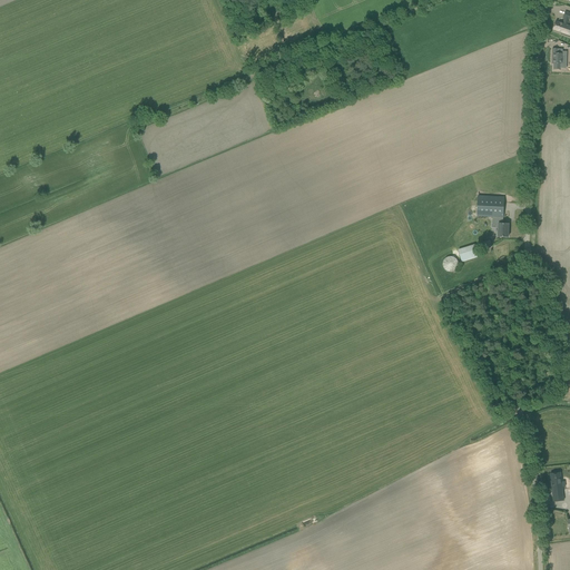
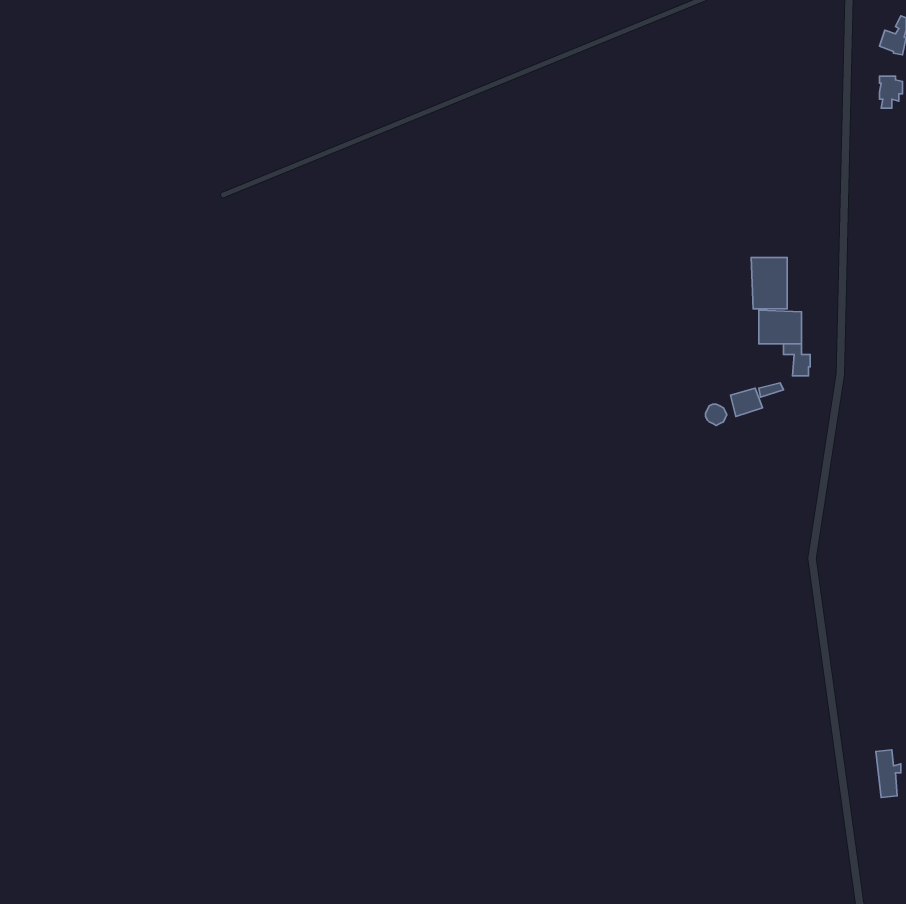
building: none -> [751,258,787,309]

